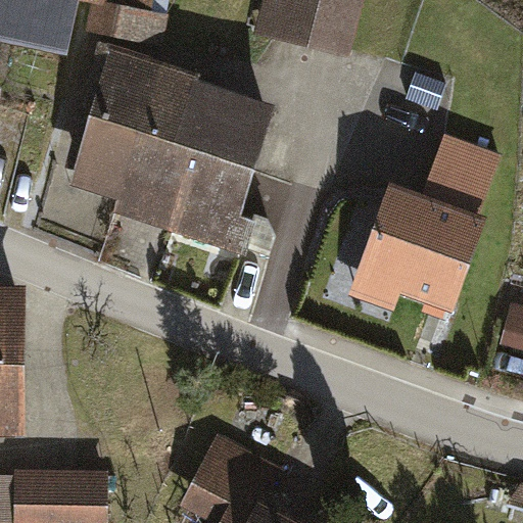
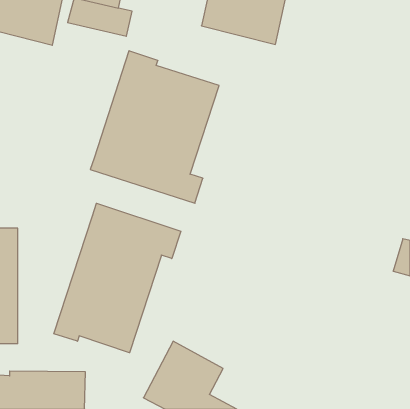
building: [70,49,163,200] -> none
building: [342,136,497,315] -> none
building: none -> [54,203,181,353]

